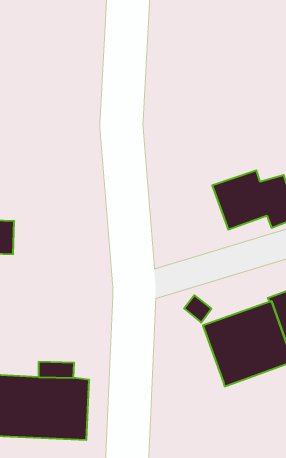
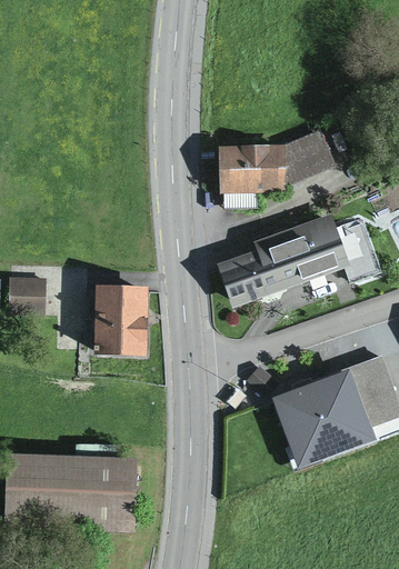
building: none -> [219,129,335,192]
building: none -> [217,231,299,308]
building: none -> [84,287,148,357]

